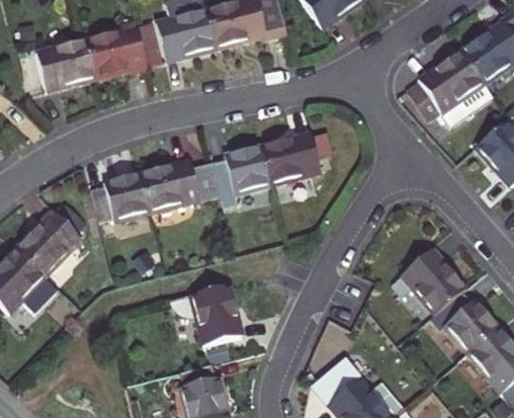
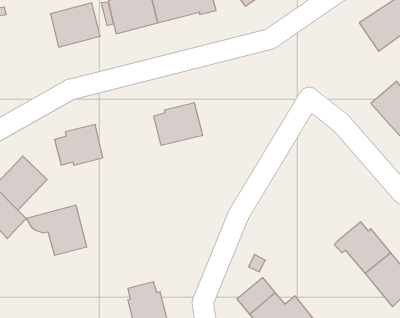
building: [35,36,96,89] -> none
building: [410,48,485,118] -> none
building: [261,132,321,184] -> none
building: [141,159,220,212] -> none
building: [402,247,467,313] -> none
building: [170,282,244,343] -> [26,205,87,255]

